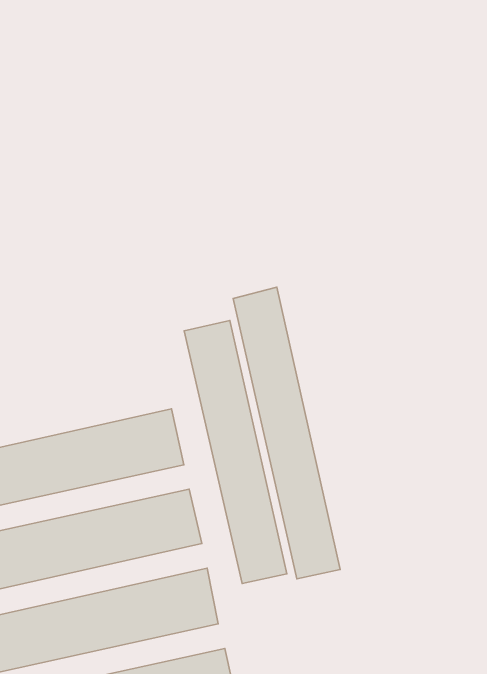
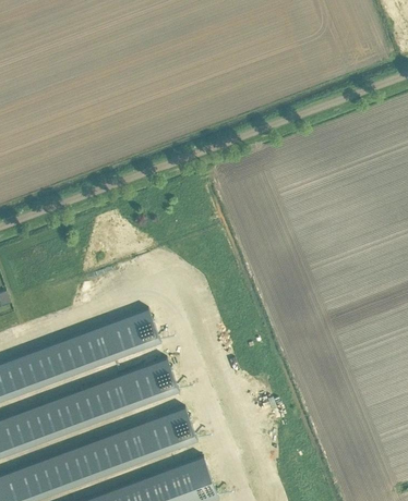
building: [233,287,340,579] -> none
building: [184,320,287,583] -> none

